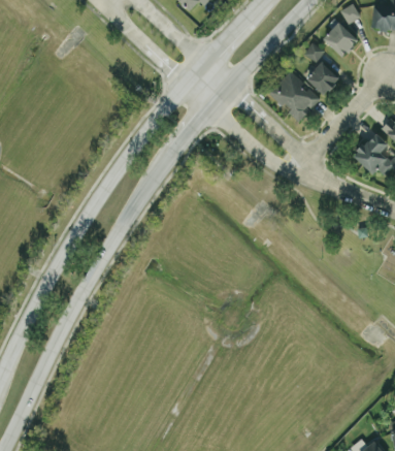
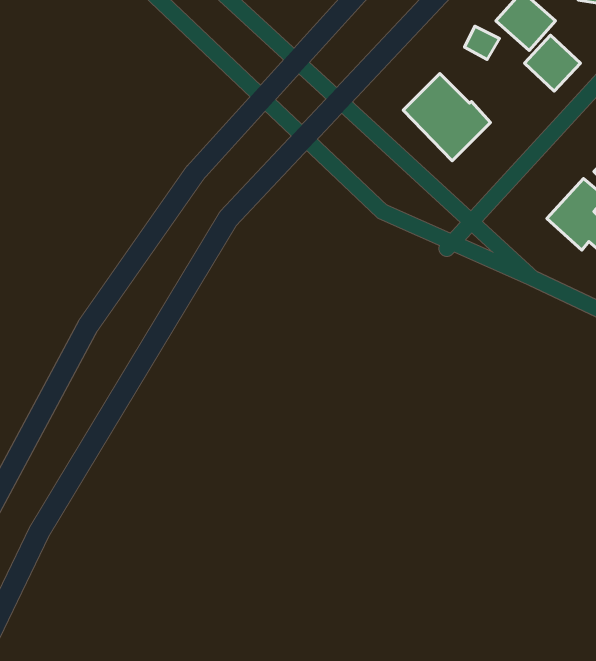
building: [306,62,339,95] -> [524,35,580,91]

